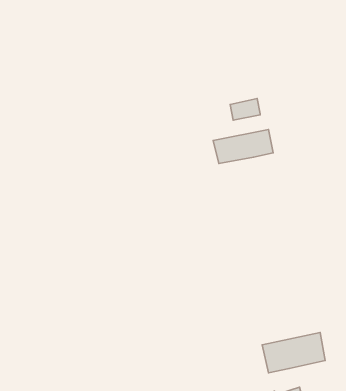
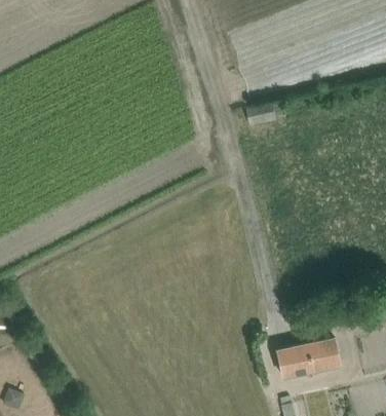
building: [213,129,273,164] -> none

